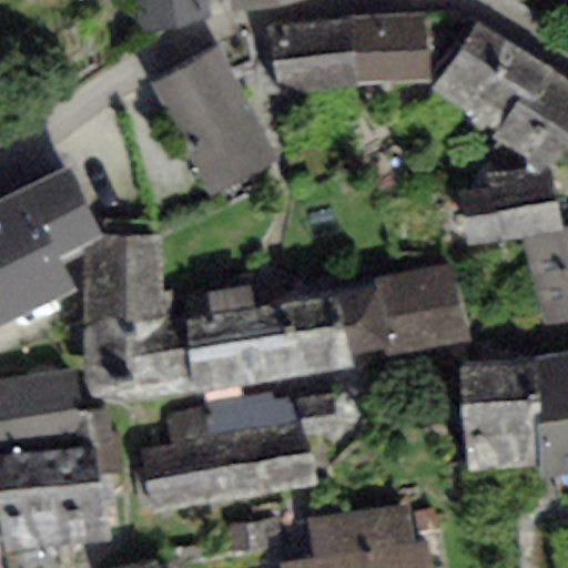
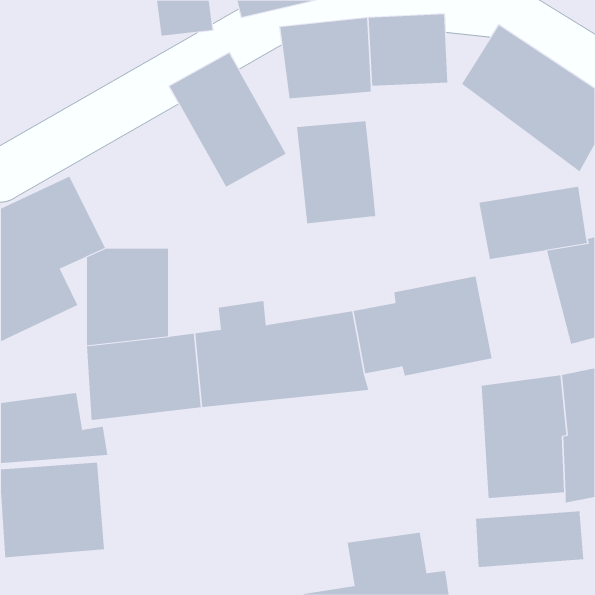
building: none -> [296,120,376,224]
building: [144,392,326,505] -> none
building: none -> [476,510,584,568]

